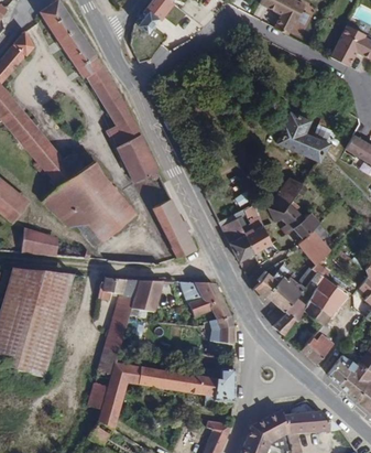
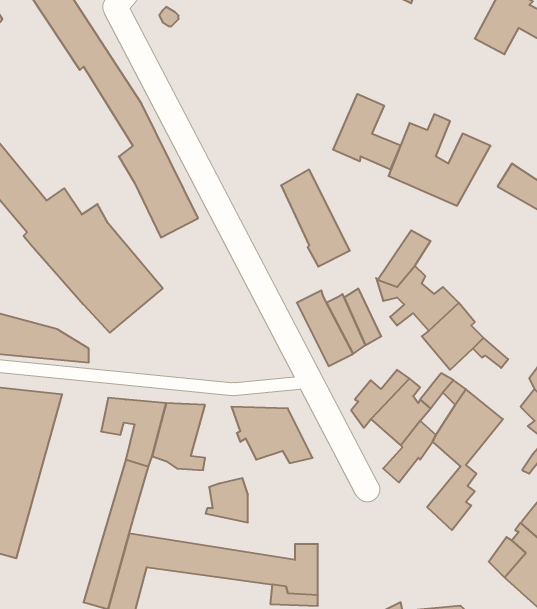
building: none -> [333,94,401,170]
building: [43,186,86,225] -> none
building: [153,197,196,258] -> [281,170,350,267]
building: [206,319,232,346] -> [206,478,248,522]
building: [328,354,360,384] -> none

